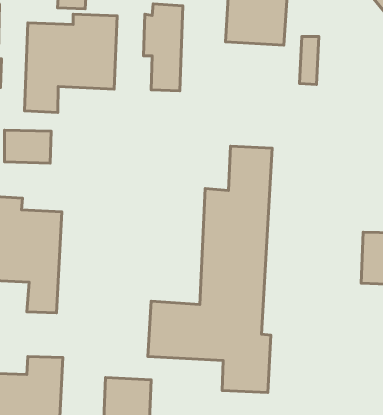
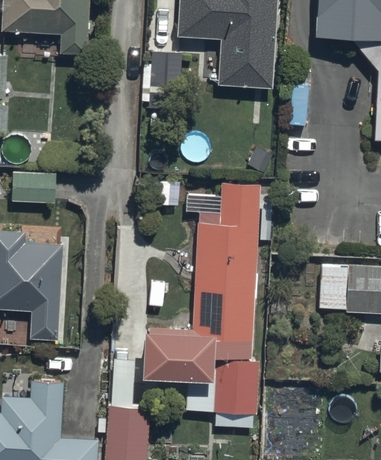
building: [25,14,117,113] -> none

